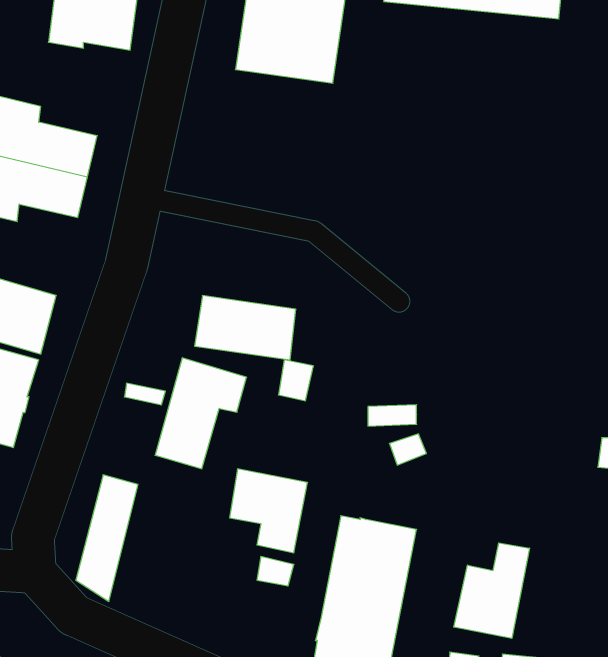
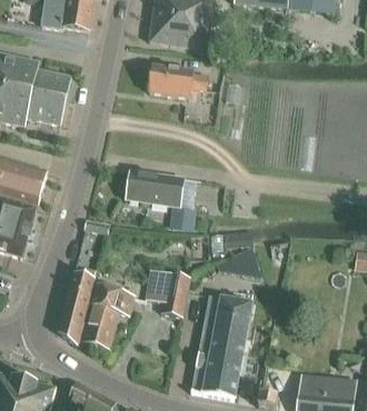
building: none -> [149,66,209,98]
building: [155,358,247,469] -> [82,283,135,347]
building: [454,543,529,638] -> none

